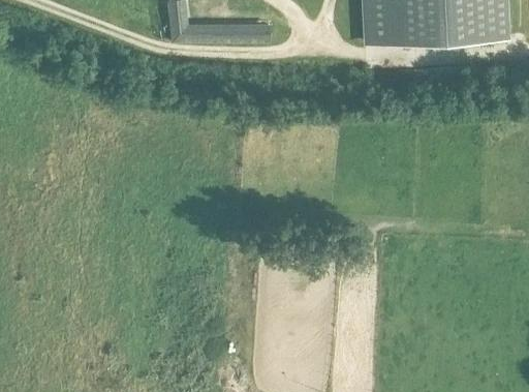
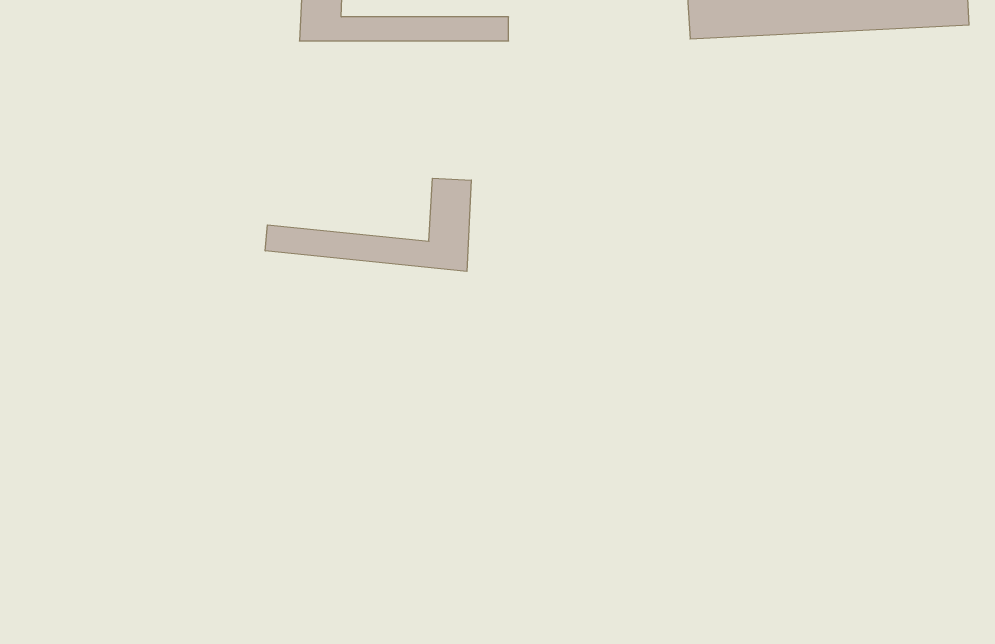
building: none -> [265,178,471,271]

